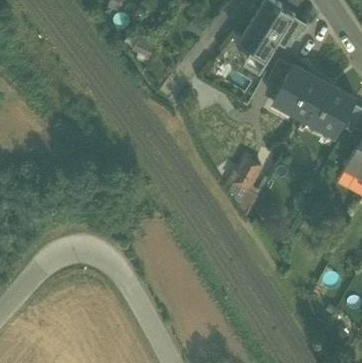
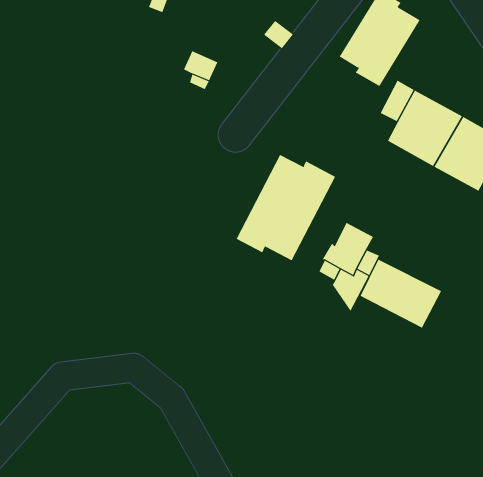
building: none -> [236,154,336,261]
building: none -> [360,259,442,329]

